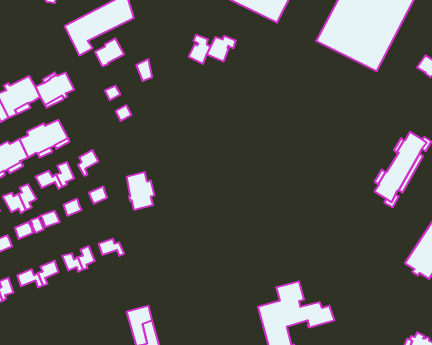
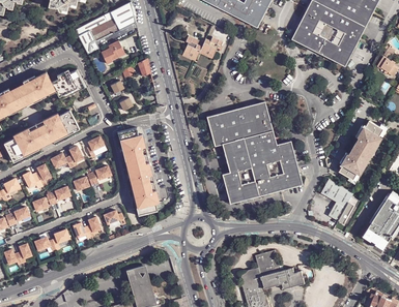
building: none -> [206,99,302,202]
building: none -> [121,127,146,158]
building: none -> [321,179,354,220]
building: none -> [135,182,160,214]

